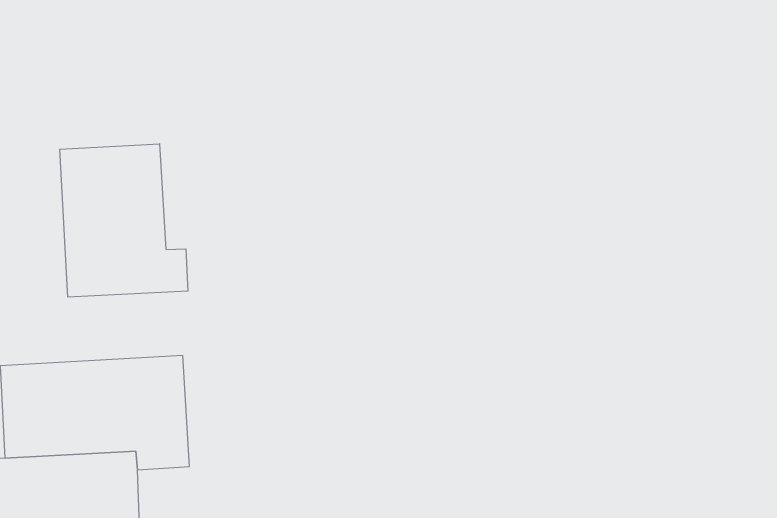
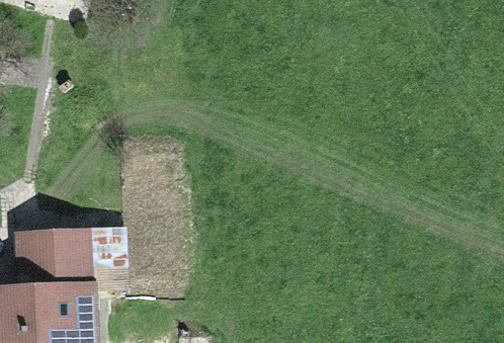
building: [60,144,188,297] -> none

